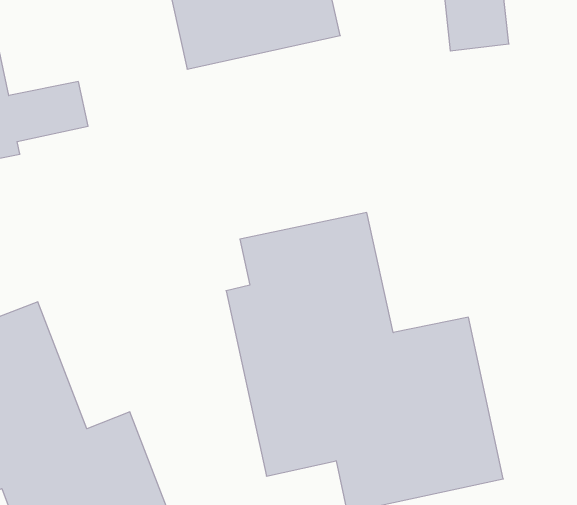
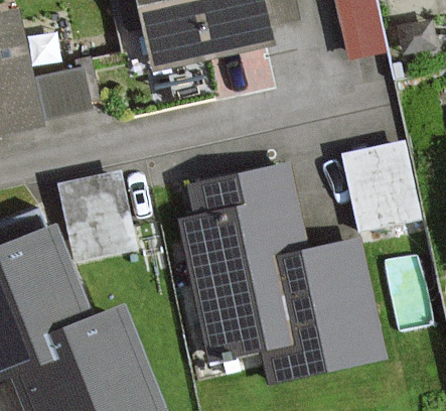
building: none -> [342,131,427,229]
building: none -> [58,161,139,254]

